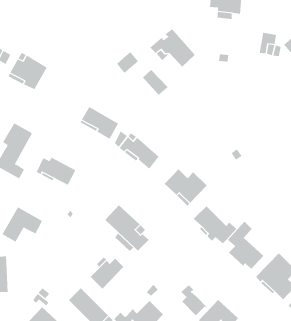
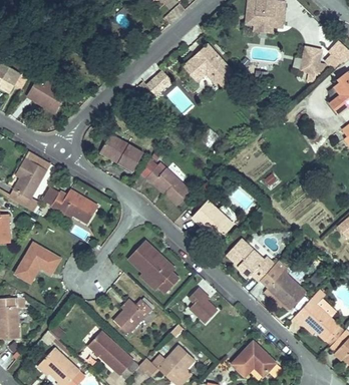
building: [181,285,208,316] -> [188,287,218,322]

